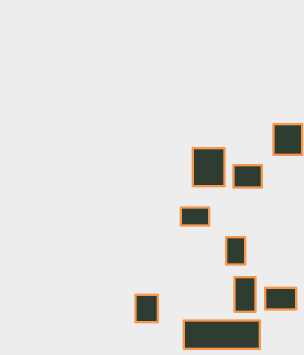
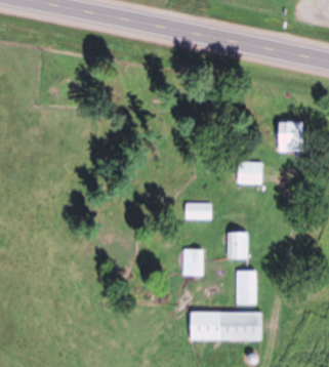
building: [193,148,225,186] -> none
building: [265,288,296,309] -> none
building: [136,295,158,322] -> [183,249,205,276]

